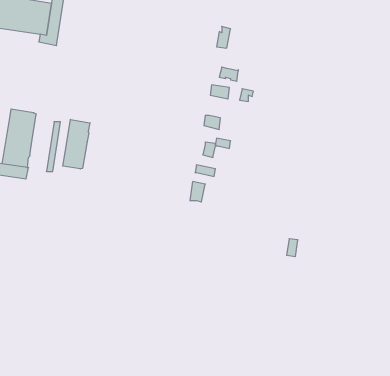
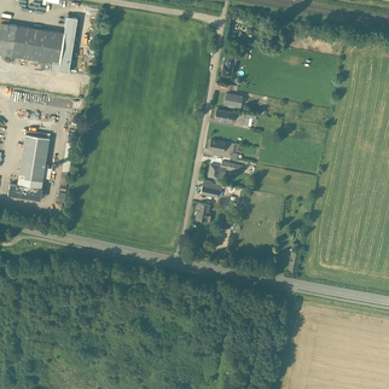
building: [63,119,90,169] -> none

